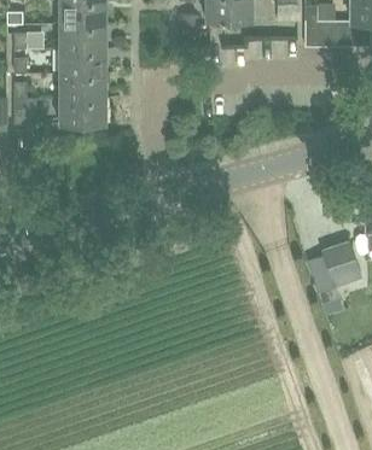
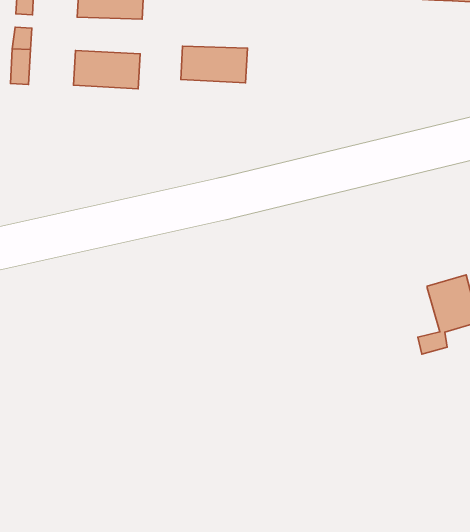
building: [58,71,105,97] -> [181,46,247,83]

